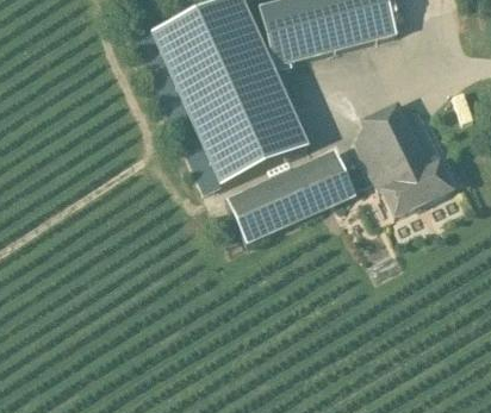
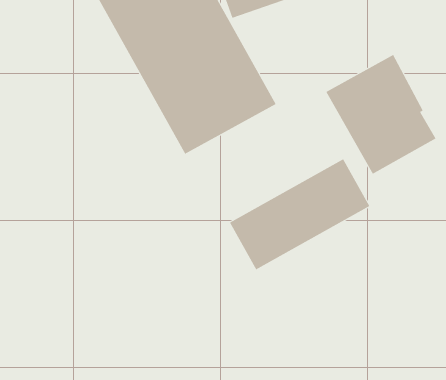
building: [226,149,355,243] -> [229,158,370,270]

